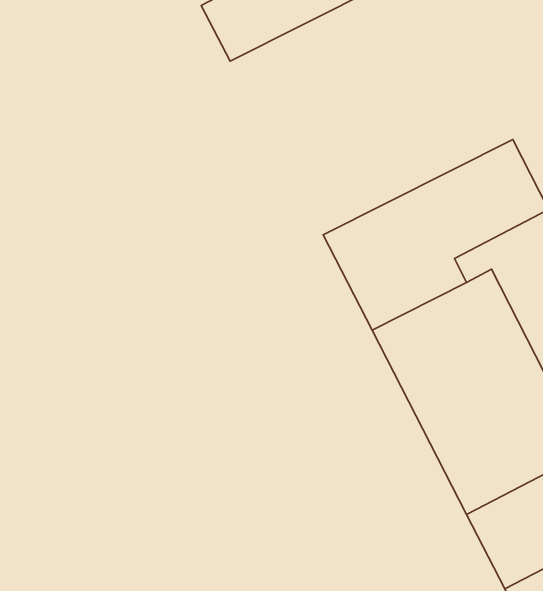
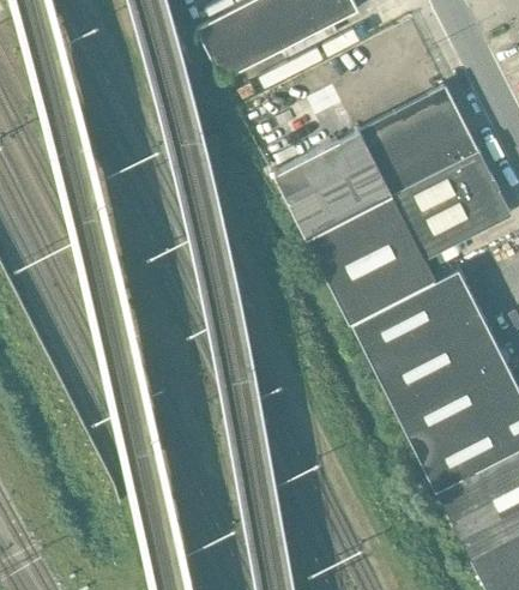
building: none -> [273,86,478,237]

